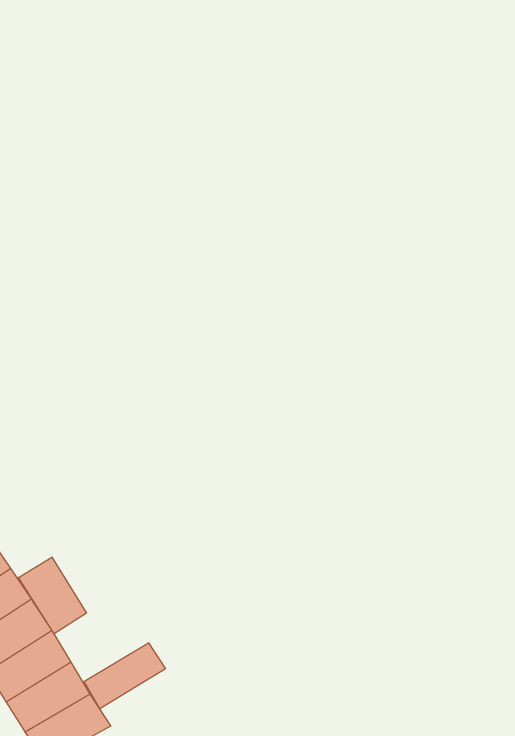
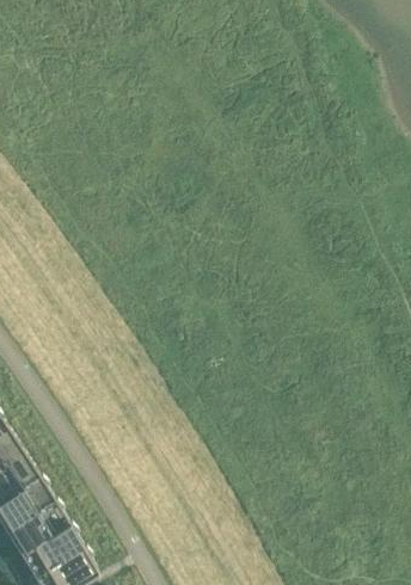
building: [18,557,86,634] -> none
building: [84,643,165,709] -> none

